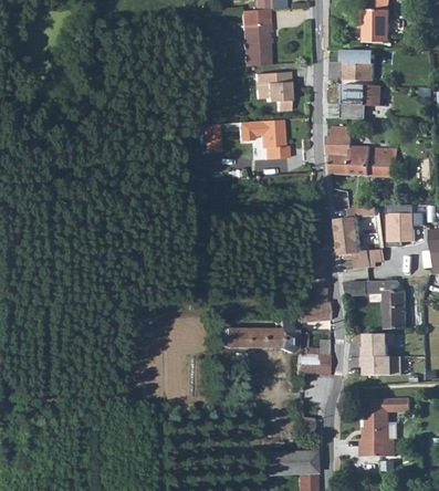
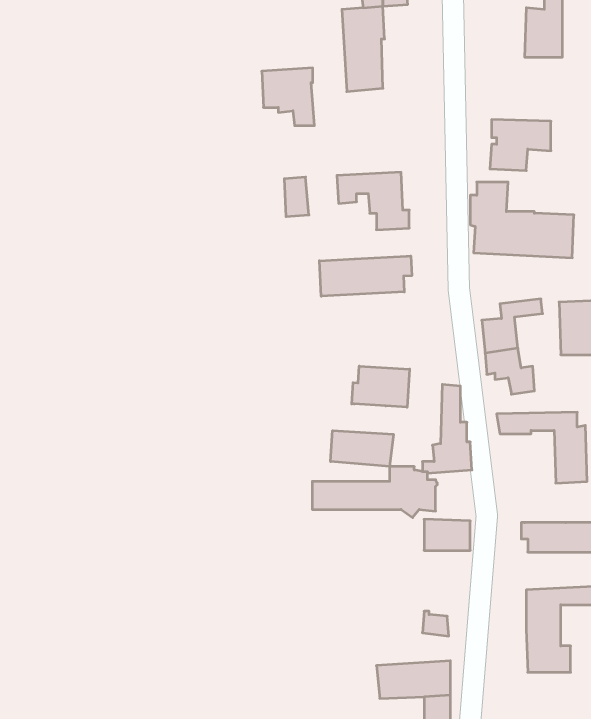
building: [341,50,373,80] -> none
building: [253,71,289,109] -> [262,68,314,126]
building: none -> [319,256,412,296]
building: none -> [352,366,410,407]
building: none -> [331,431,393,467]
building: [363,332,403,355] -> none

